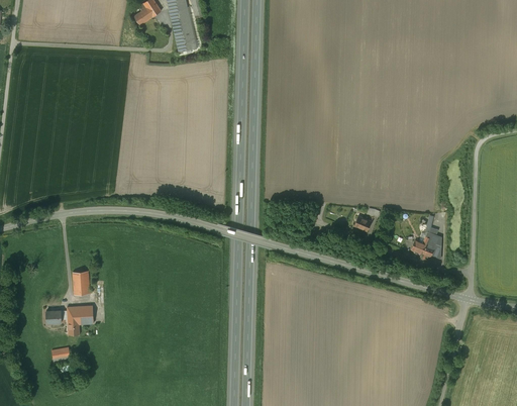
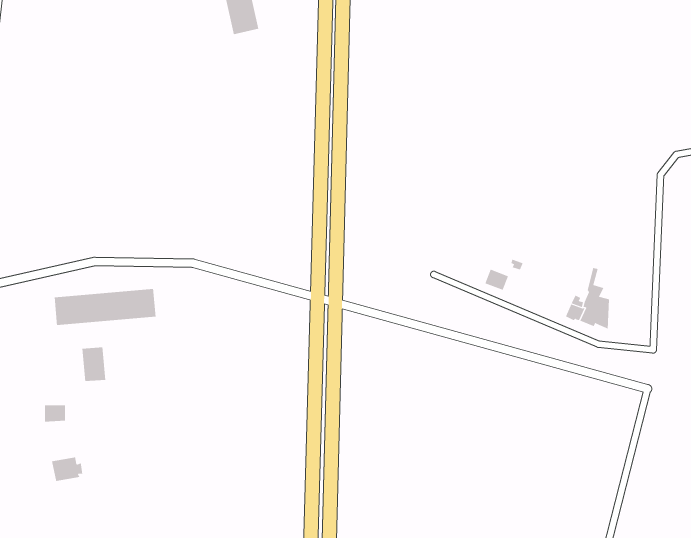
building: none -> [54,288,156,326]
building: [66,306,93,334] -> none

